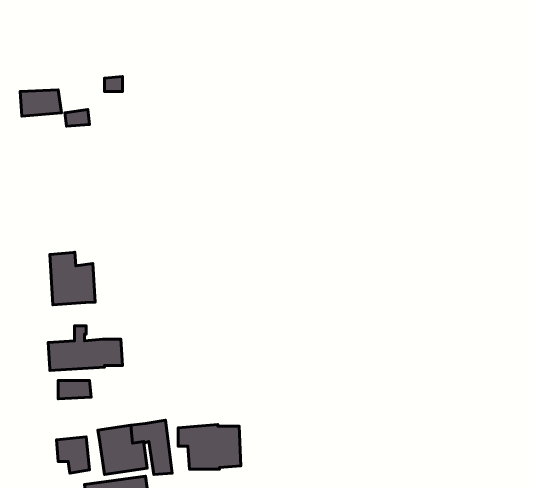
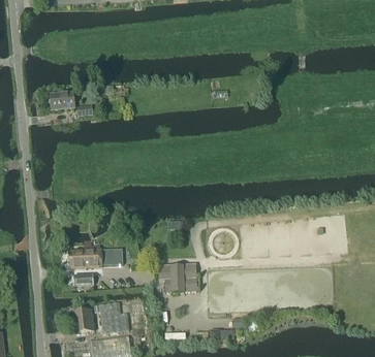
building: [50,252,95,305] -> none
building: [178,425,241,469] -> [158,263,197,291]

